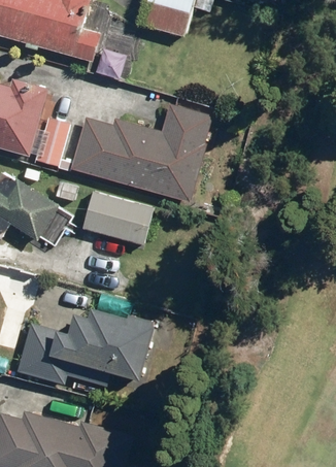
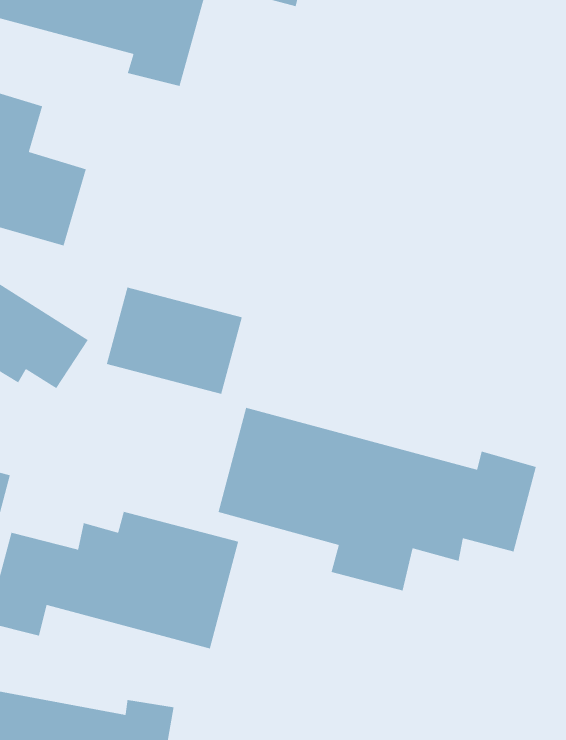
building: [70,107,211,203] -> none
building: none -> [218,407,537,592]

